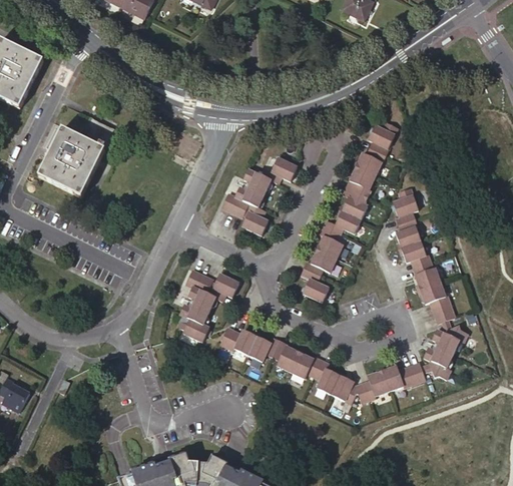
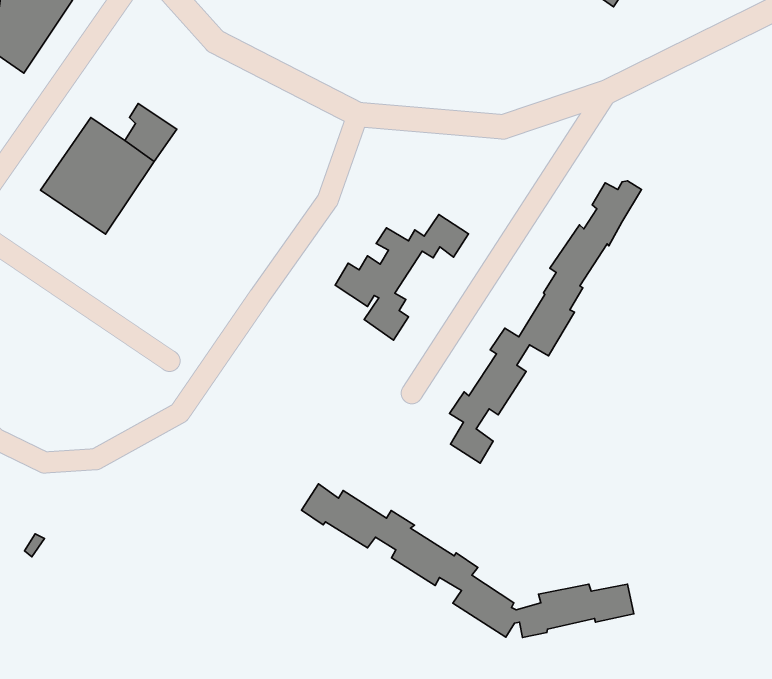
building: [392,187,454,322] -> none
building: [178,270,238,342] -> none
building: [423,325,467,378] -> none

